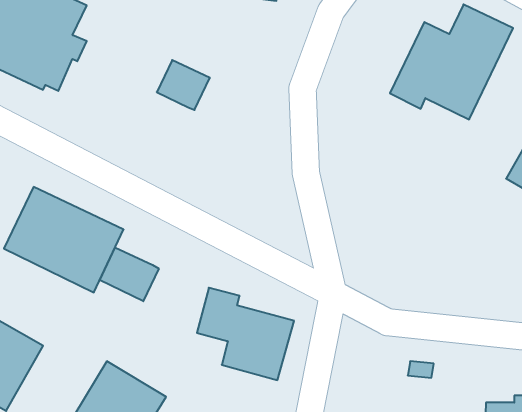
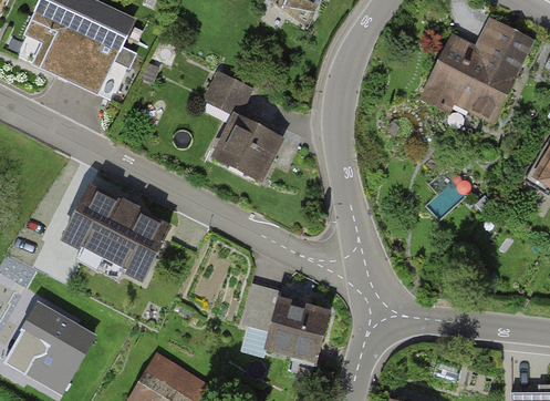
building: none -> [209,112,283,183]
building: [100,247,159,301] -> none

